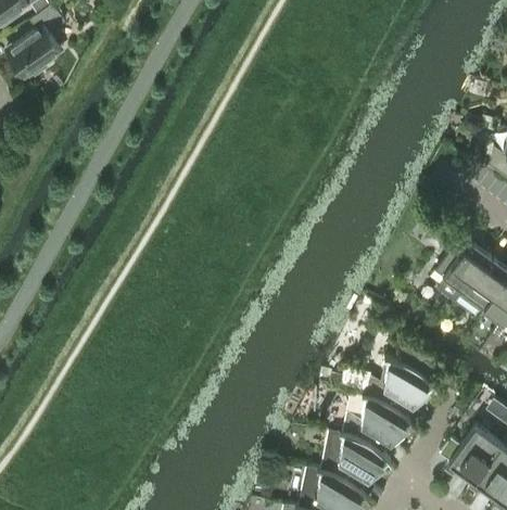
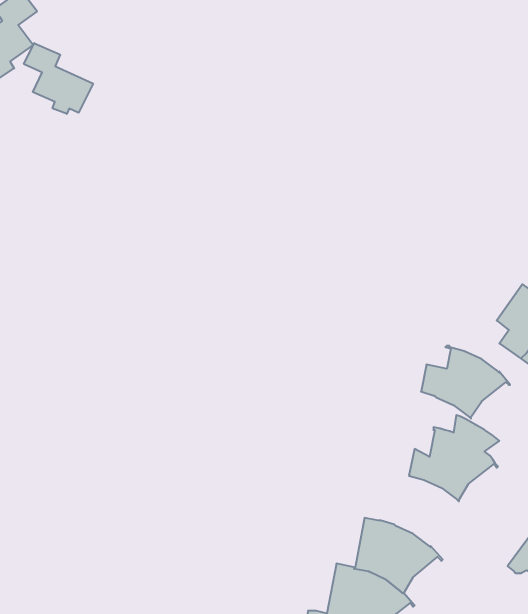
building: none -> [24,43,93,114]
building: [344,396,416,455] -> [421,346,510,419]

